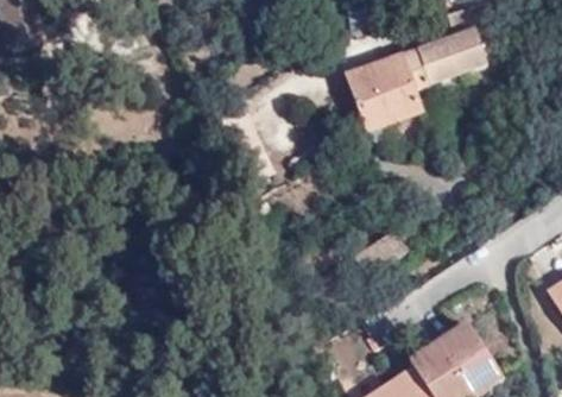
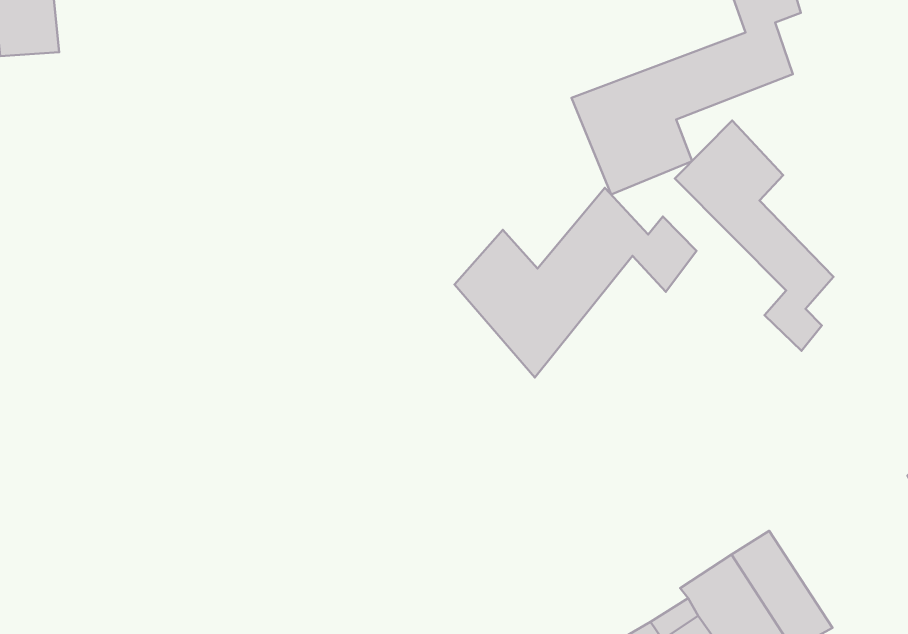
building: none -> [675,120,833,351]
building: none -> [454,188,697,378]

